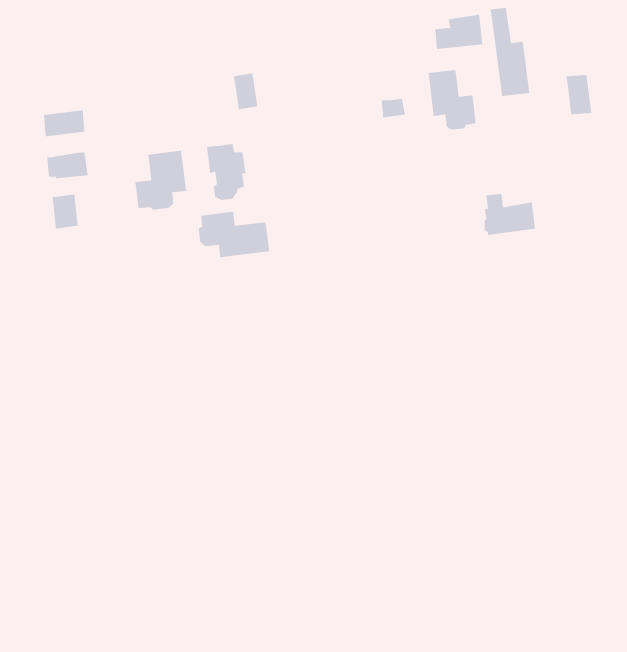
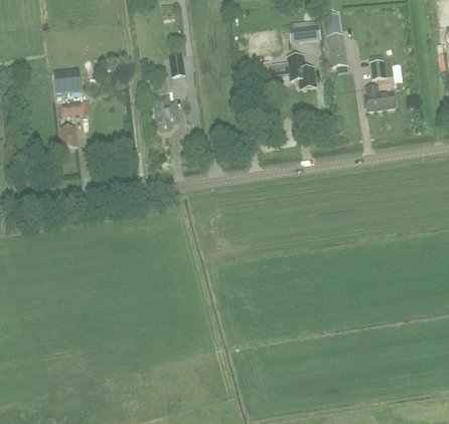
building: [135,150,187,210] -> none
building: [484,193,536,235] -> [365,86,397,112]
building: [198,211,270,258] -> none

